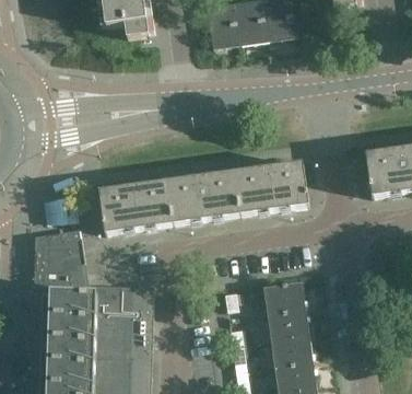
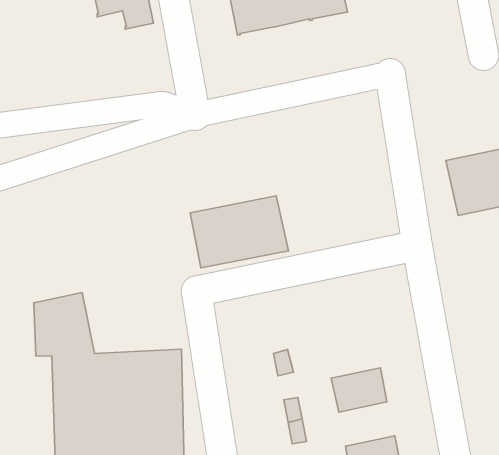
building: [232,162,306,215] -> none
building: [97,181,170,233] -> none
building: [261,281,303,314] -> none
building: [269,335,310,367] -> none

